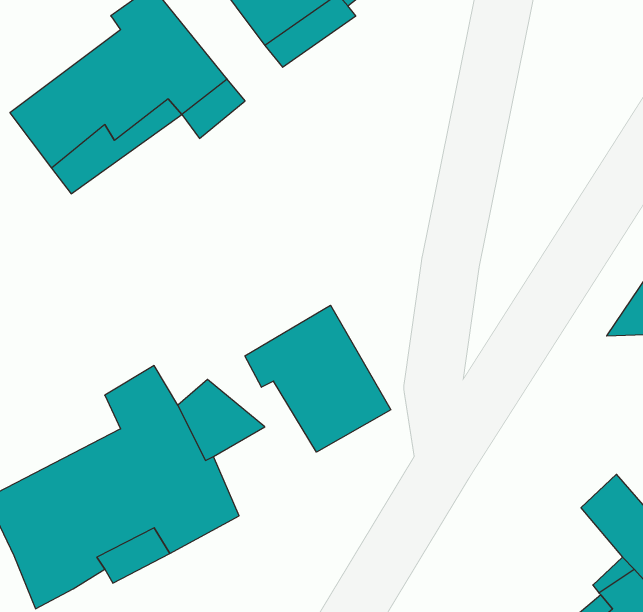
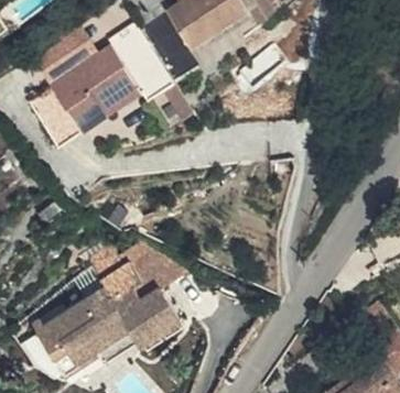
building: [245,305,391,452] -> none

